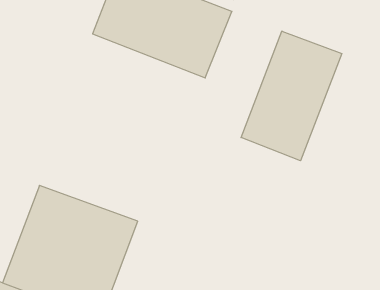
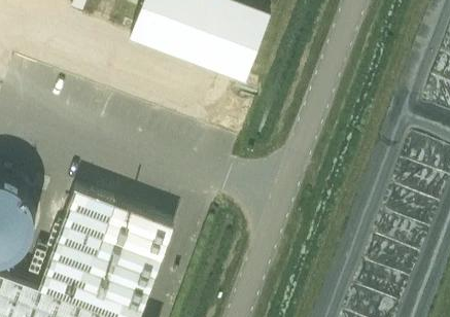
building: [241,31,342,161] -> none

